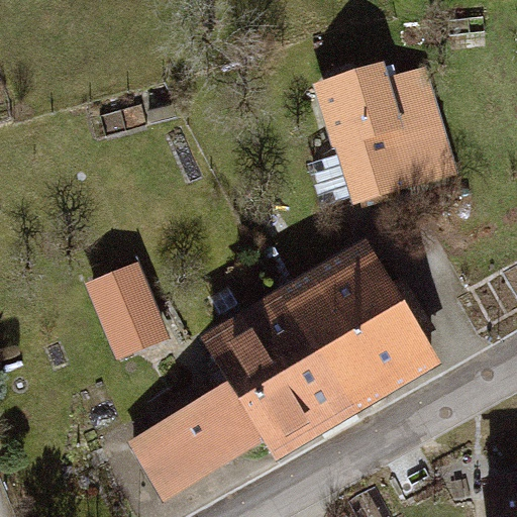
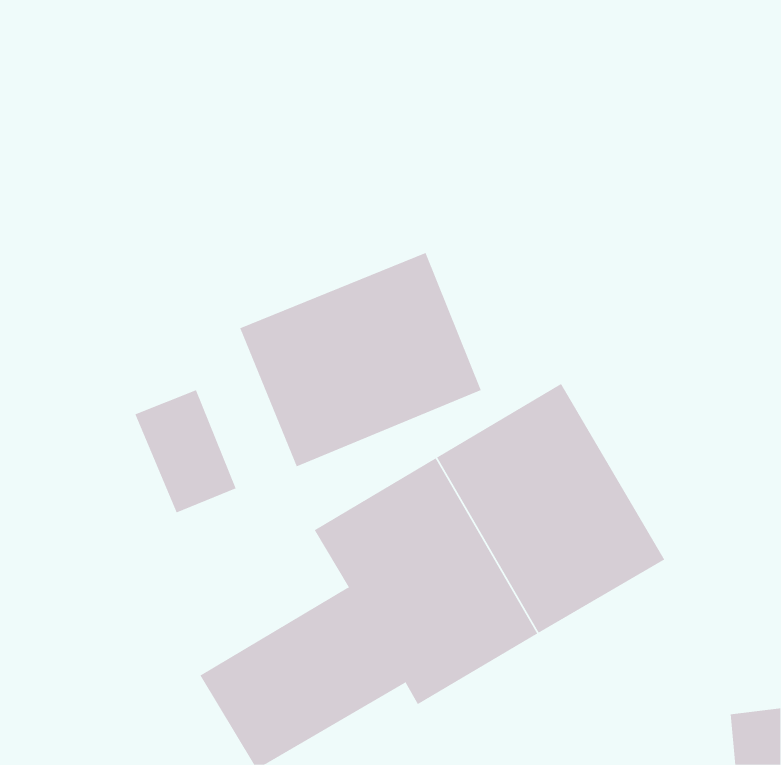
building: [326,53,448,186] -> none
building: none -> [240,252,481,467]

